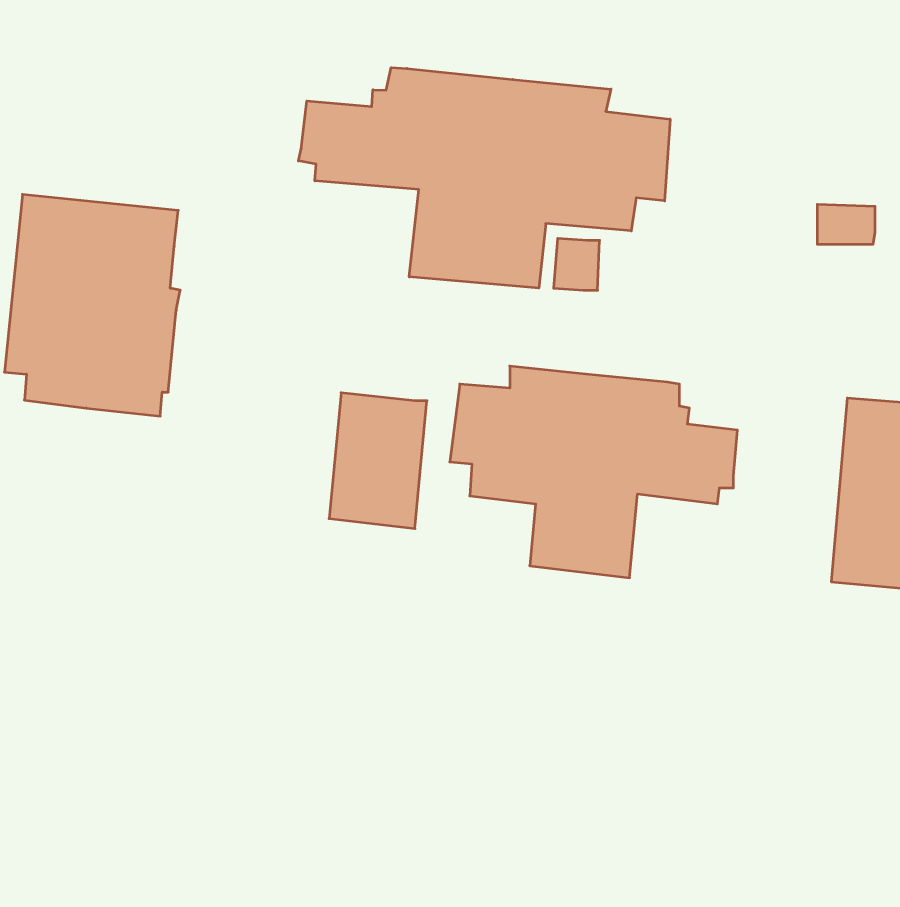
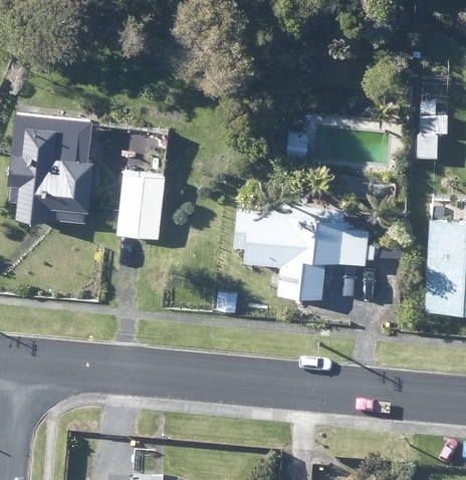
building: [298,68,670,288] -> none
building: [329,393,427,529] -> [114,174,164,242]

